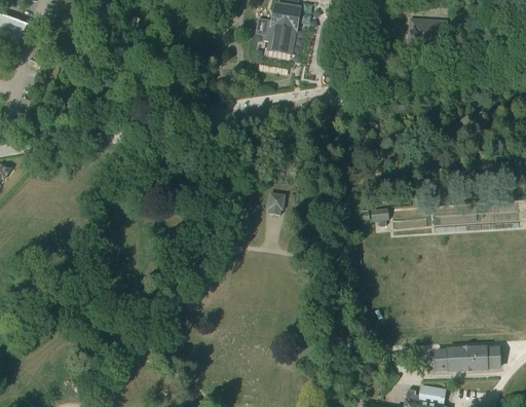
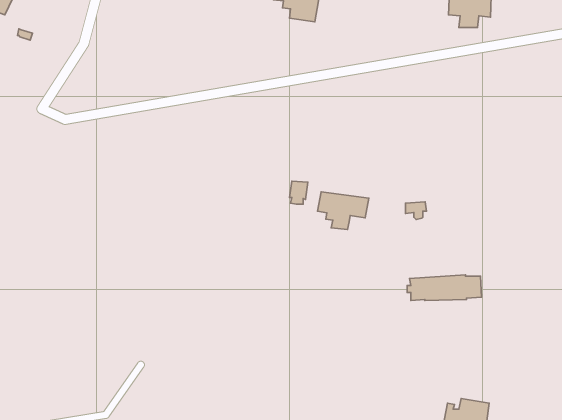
building: none -> [318,192,369,230]
building: [434,346,499,369] -> [407,275,482,301]

